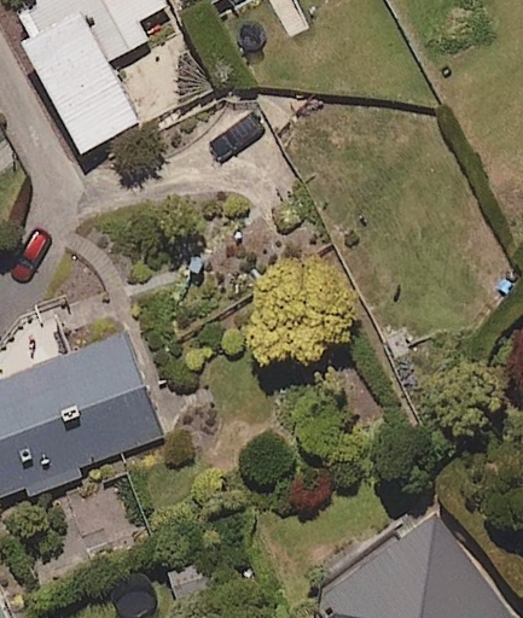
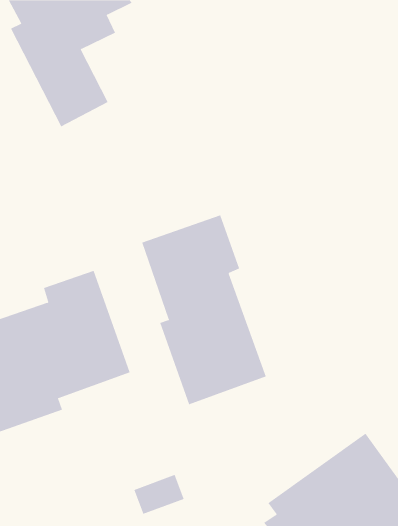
building: none -> [141,214,267,405]

